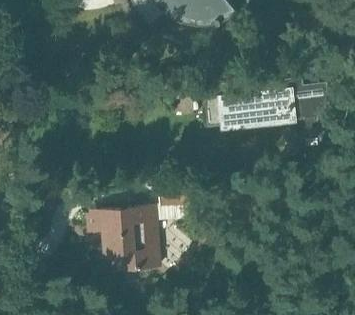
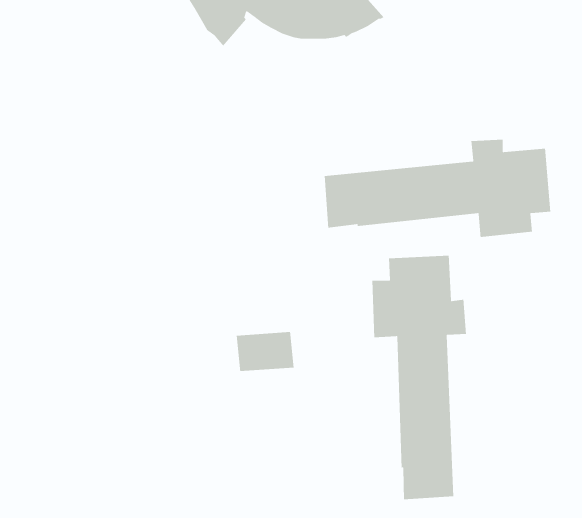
building: none -> [371,255,467,500]
building: [86,206,159,269] -> none

